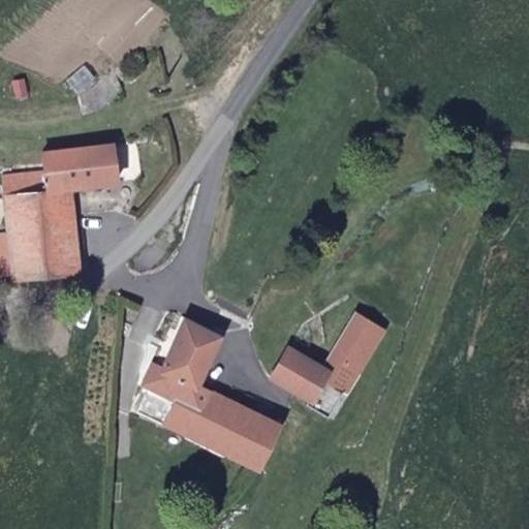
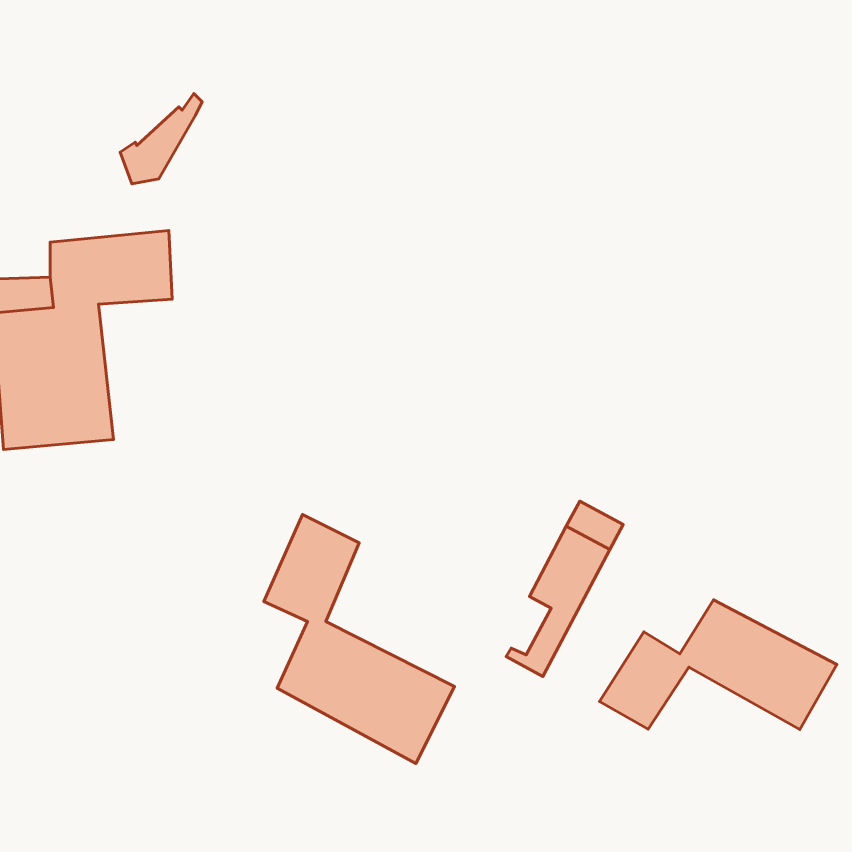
building: [278,352,341,406] -> none
building: [138,371,190,431] -> none
building: none -> [600,600,837,729]

